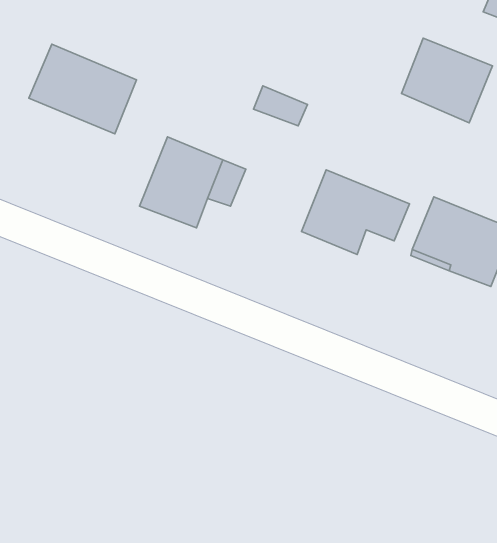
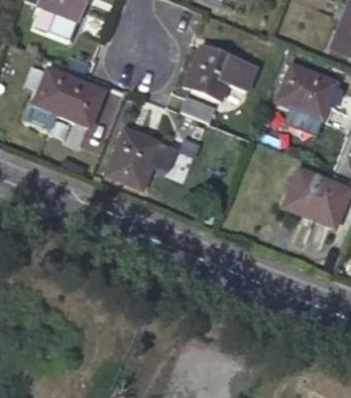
building: [302,170,409,255] -> [185,45,255,101]

